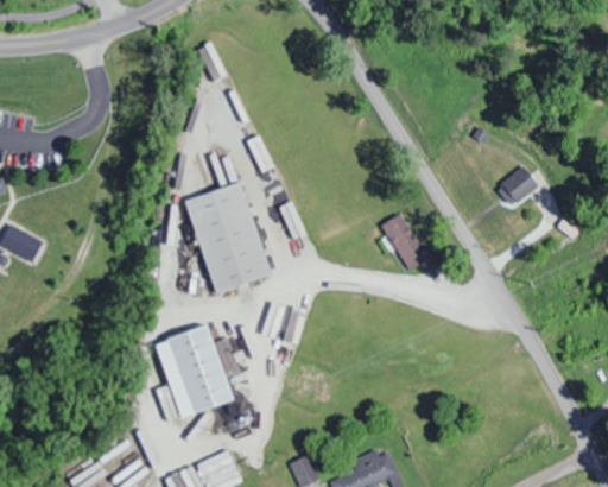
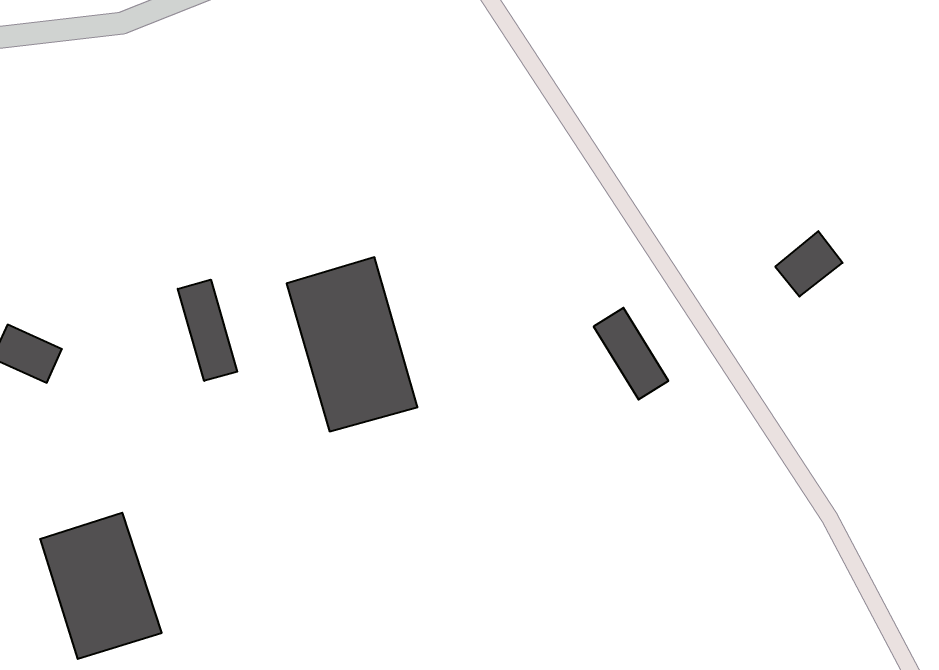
building: none -> [178,280,237,381]
building: [156,325,233,418] -> [40,513,162,659]

